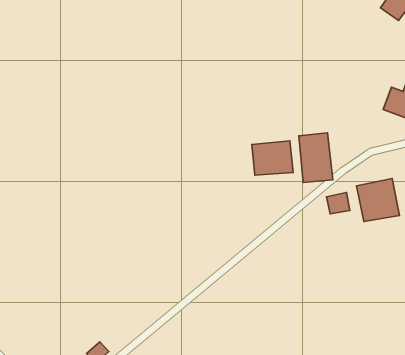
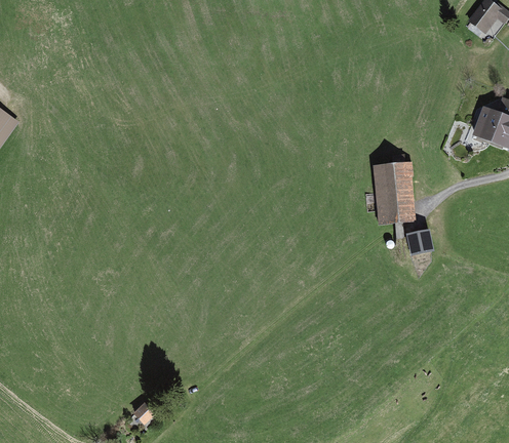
building: [252,141,293,175] -> none
building: [357,179,400,222] -> none

